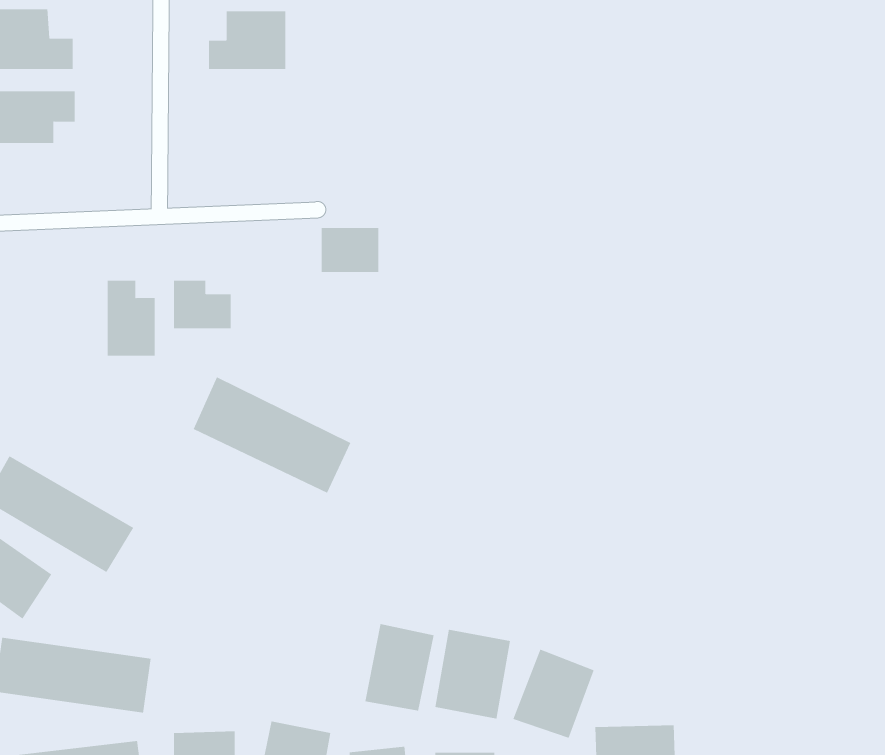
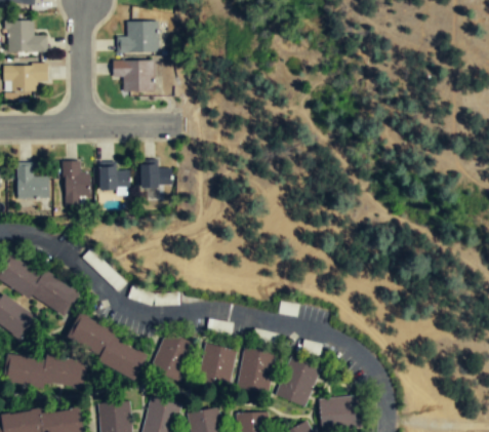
building: none -> [112,60,154,91]
building: [321,228,379,272] -> [140,164,171,188]
building: none -> [16,163,48,198]
building: [193,376,351,494] -> [66,316,149,378]
building: none -> [152,332,196,381]

